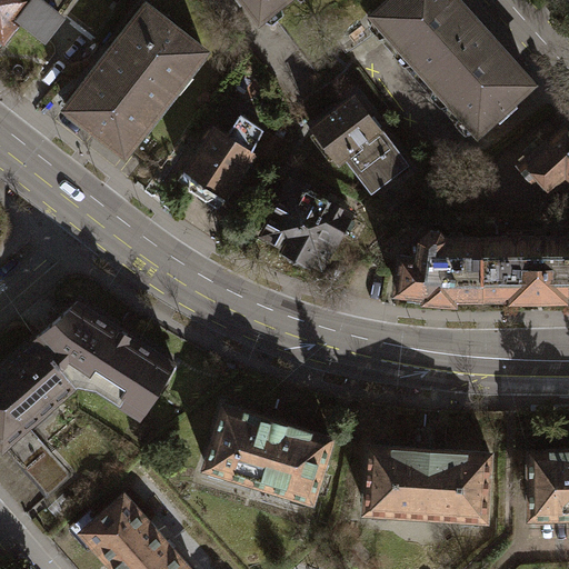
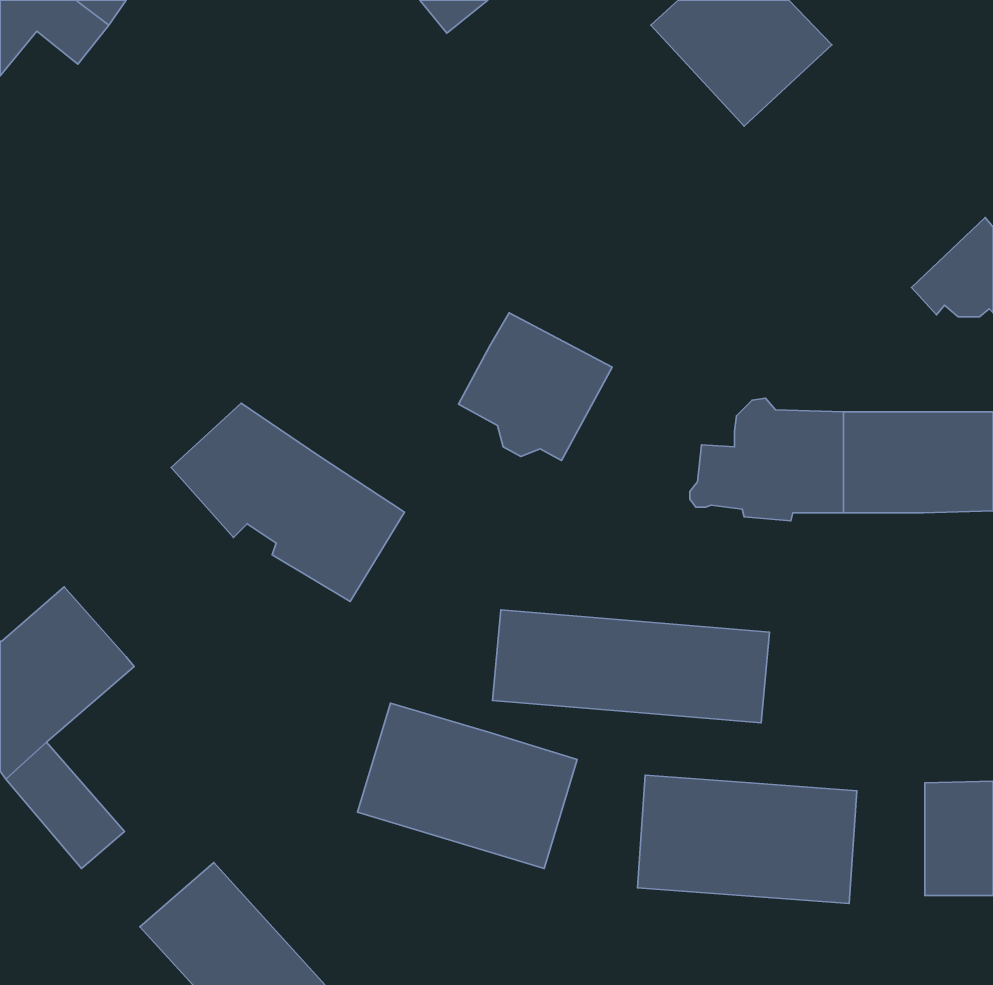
building: [66,9,204,157] -> none
building: [426,30,529,134] -> none
building: [310,97,409,194] -> none
building: [178,119,262,212] -> none
building: [37,303,170,417] -> [171,403,404,601]
building: none -> [493,610,770,723]

